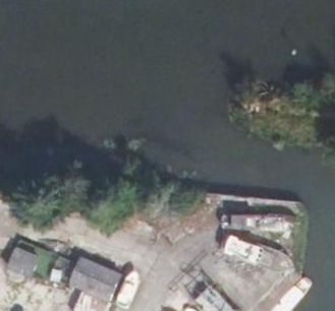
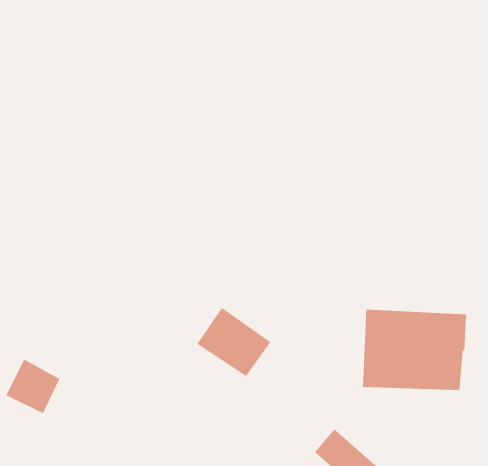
building: [71,257,117,300] -> [197,307,271,377]

